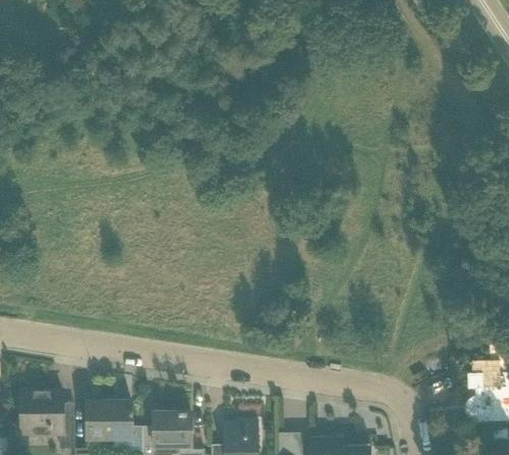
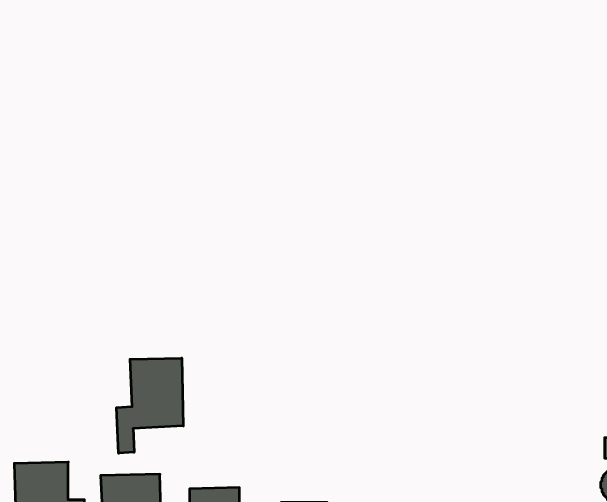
building: none -> [117,358,183,453]

